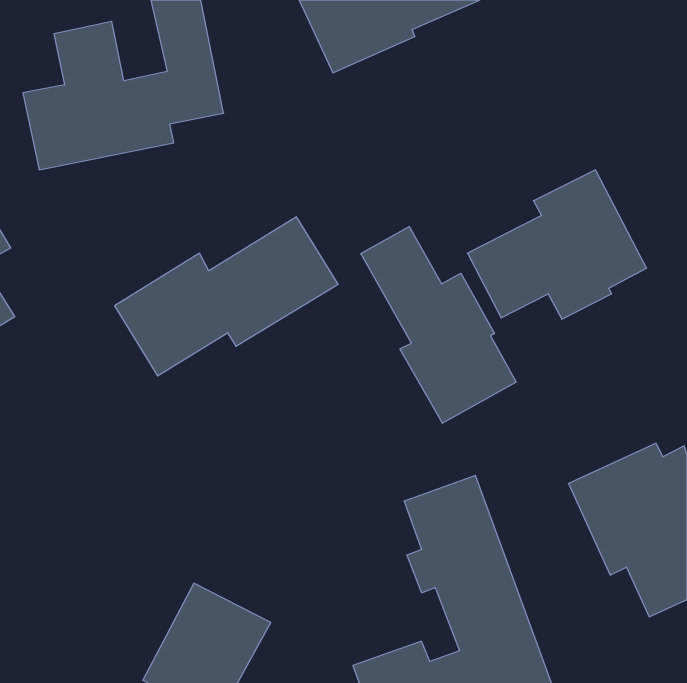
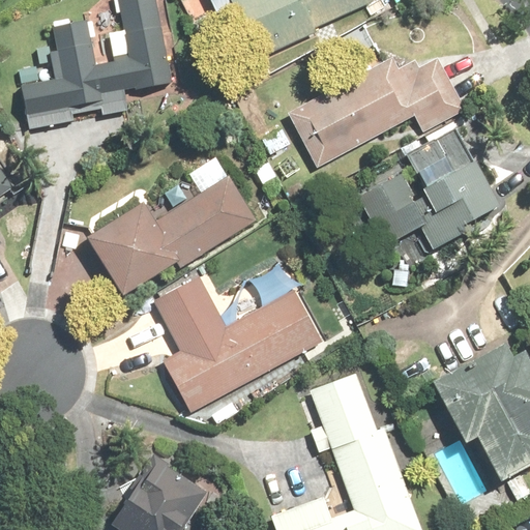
building: none -> [287,56,464,167]
building: [361,227,516,423] -> none
building: none -> [155,268,328,415]

